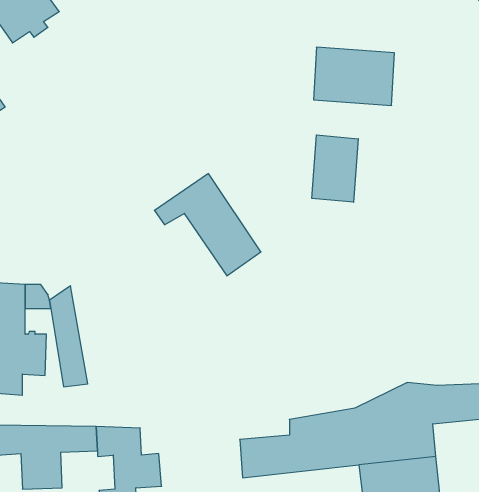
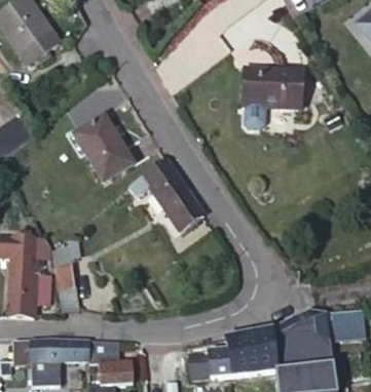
building: none -> [73,113,135,182]
building: [312,135,358,202] -> none

